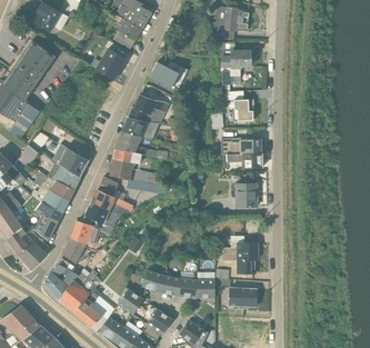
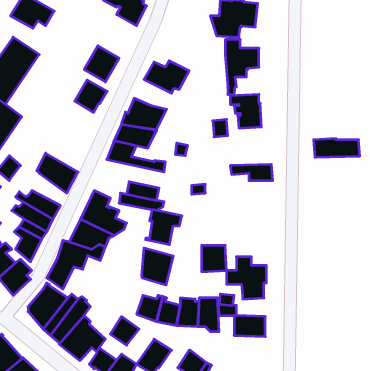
building: [112,20,141,49] -> [75,80,107,112]
building: [220,138,261,155] -> [314,139,360,157]
building: [109,149,141,180] -> [146,210,182,245]
building: [34,161,79,190] -> none
building: [234,183,257,207] -> [202,245,227,272]
building: none -> [142,248,173,285]

